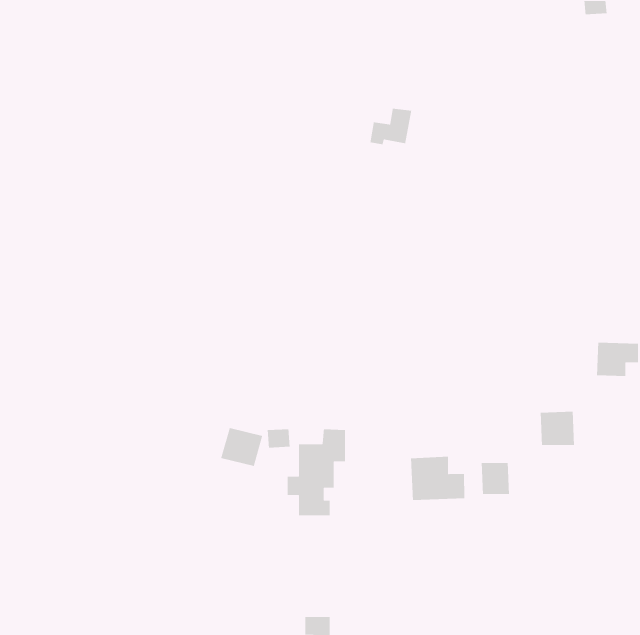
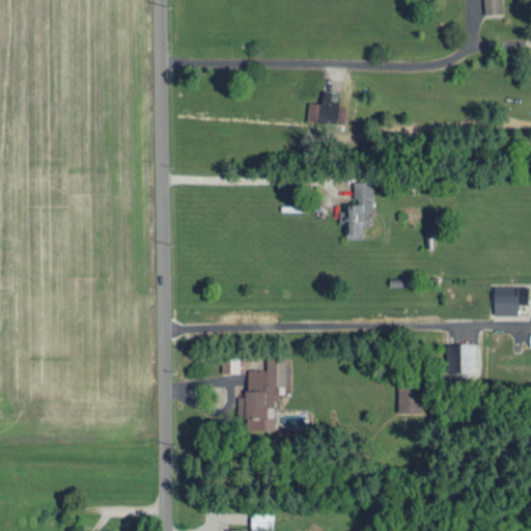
building: none -> [341,185,372,239]
building: [220,427,263,467] -> none
building: [410,456,465,501] -> none

